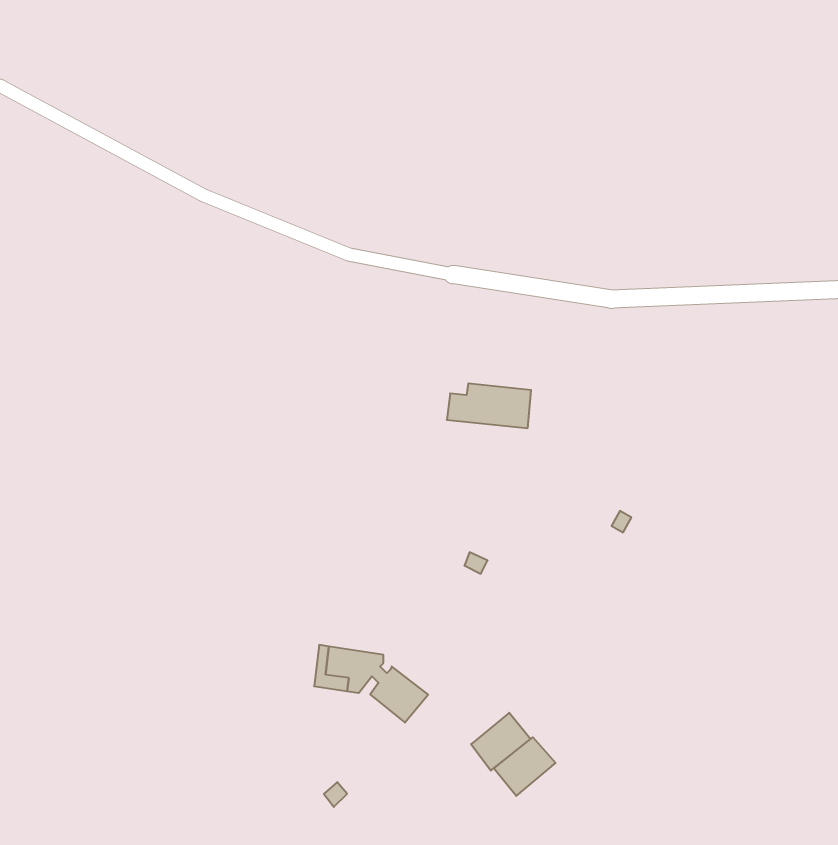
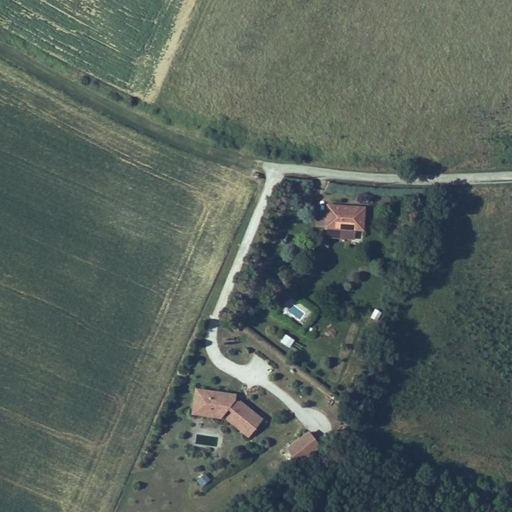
building: [447,383,531,428] -> [312,202,363,229]
building: [494,737,556,796] -> none

